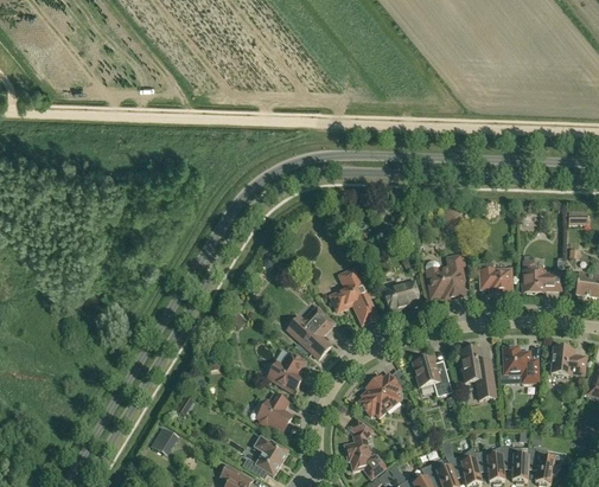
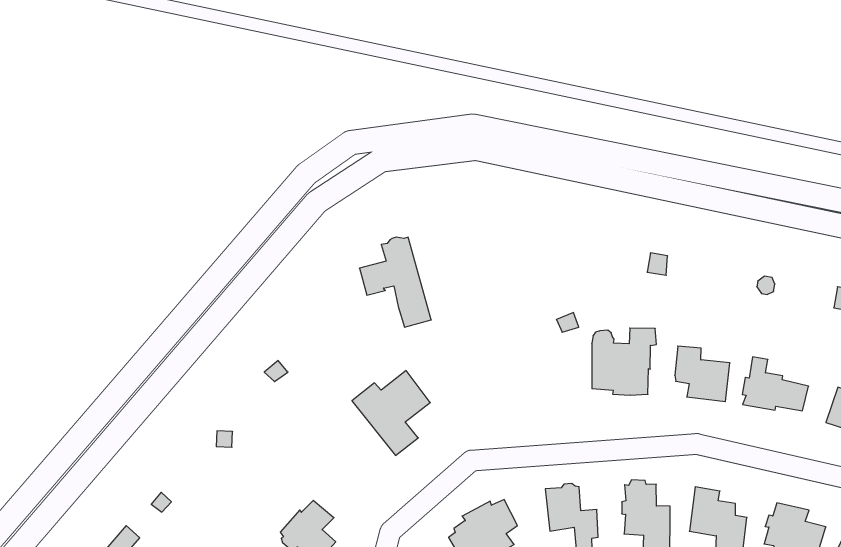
building: [330,271,378,326] -> [359,237,431,327]
building: [383,280,421,312] -> none
building: [267,351,305,392] -> none

